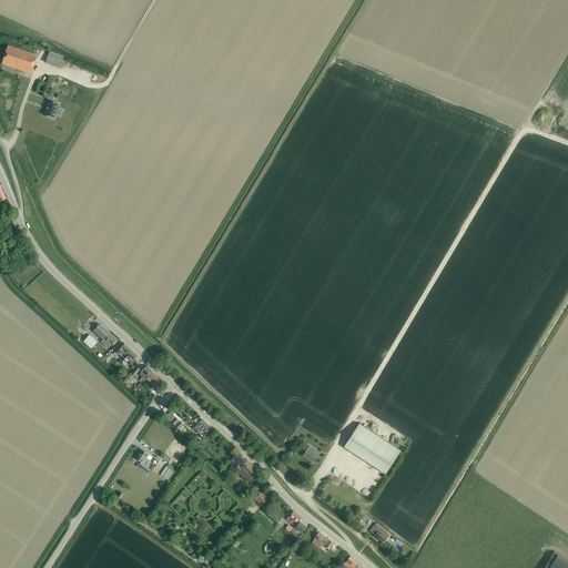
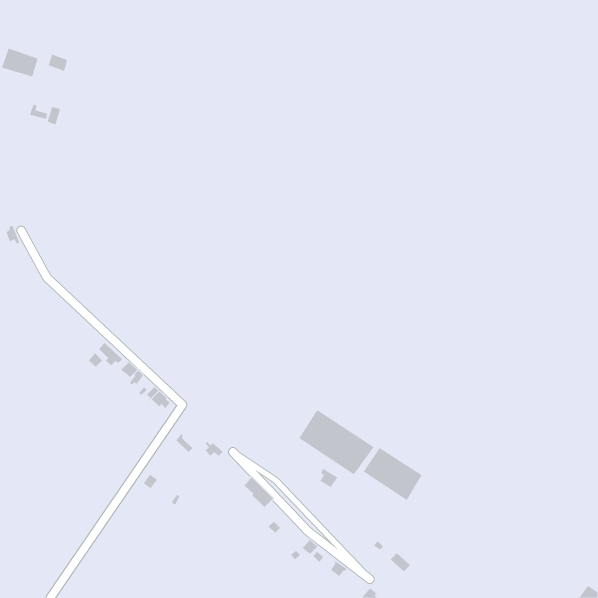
building: none -> [298,409,375,475]

